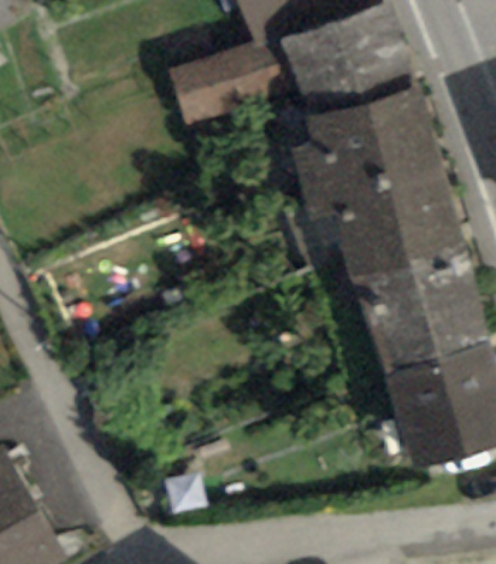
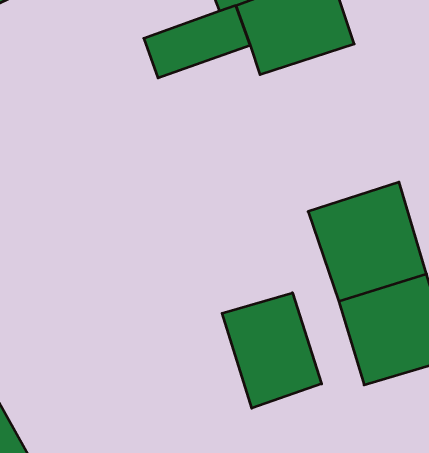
building: [290,88,451,272] -> none
building: none -> [222,293,322,408]

